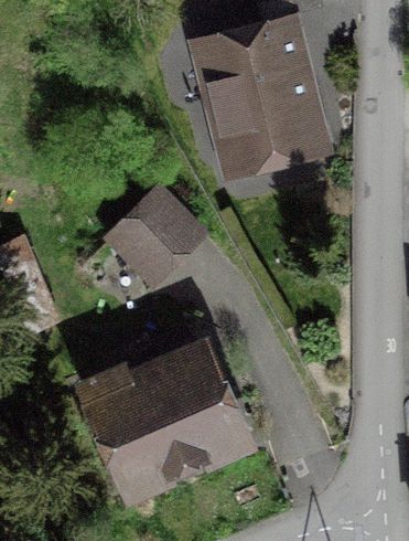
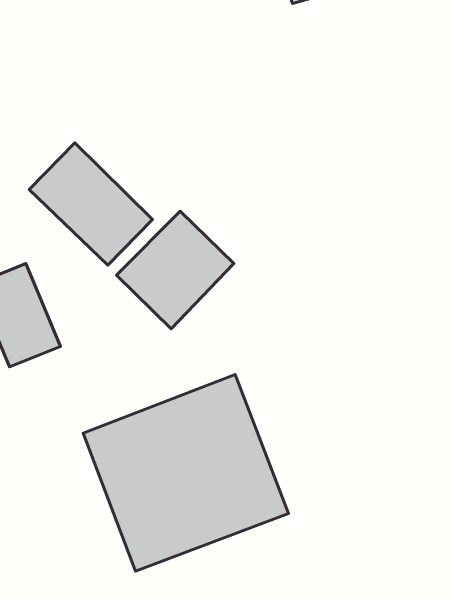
building: [186,14,325,179] -> none
building: none -> [29,143,152,265]

